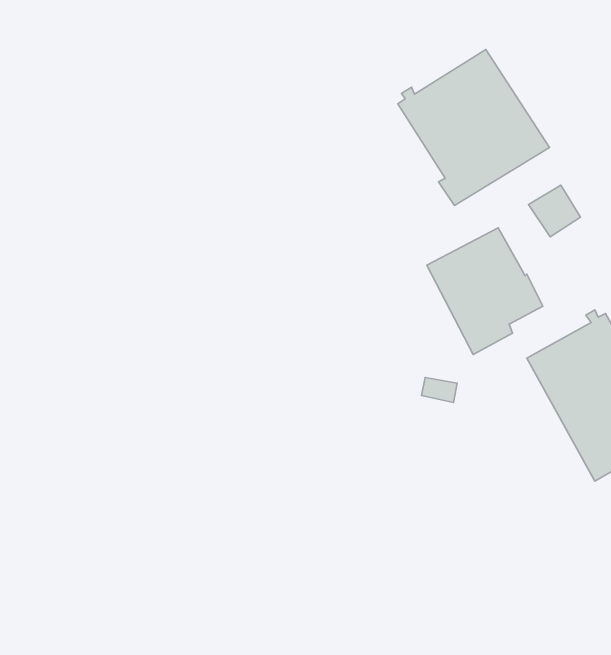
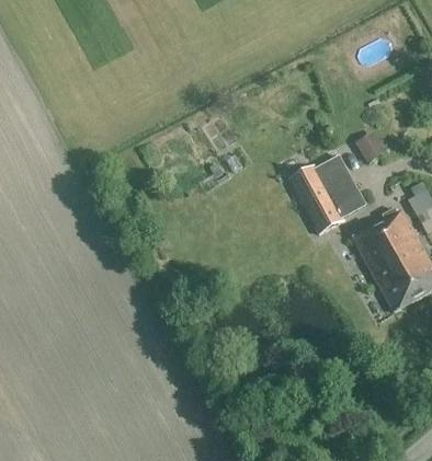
building: [398,50,549,205] -> none

